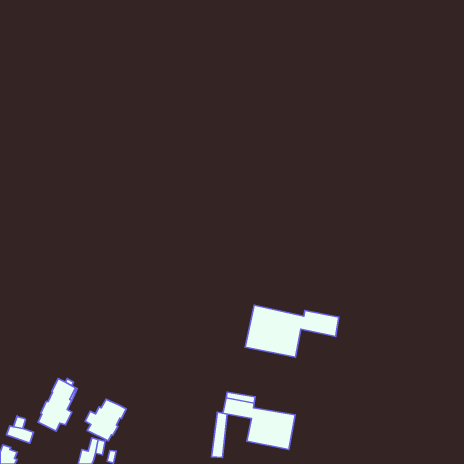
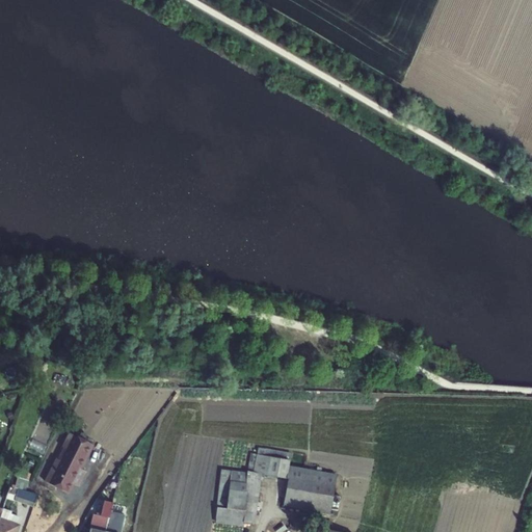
building: [245,305,339,357] -> none
building: [85,399,126,441] -> none
building: none -> [216,471,248,523]

